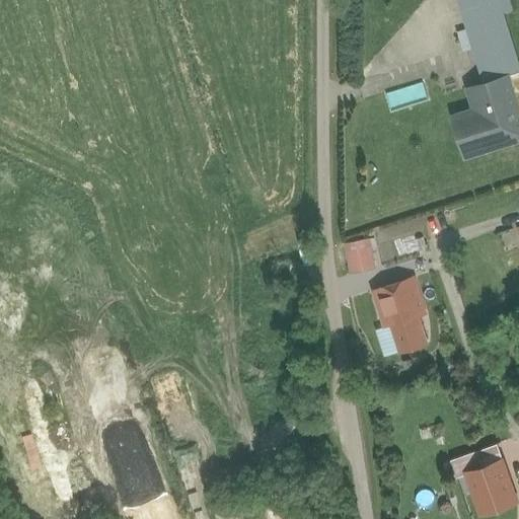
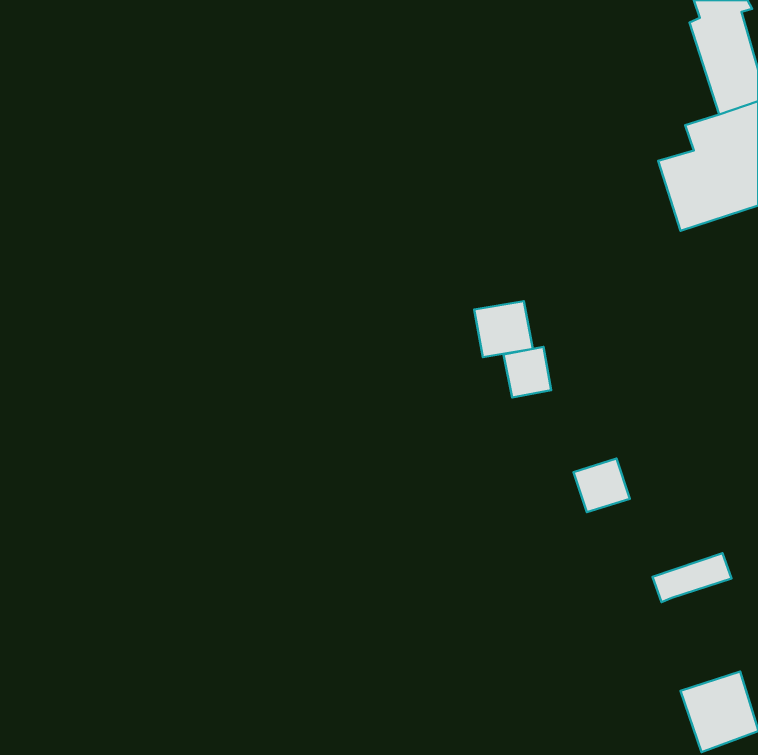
building: none -> [474,301,533,357]
building: [371,277,426,327] -> none
building: [450,444,504,477] -> [653,553,731,602]

